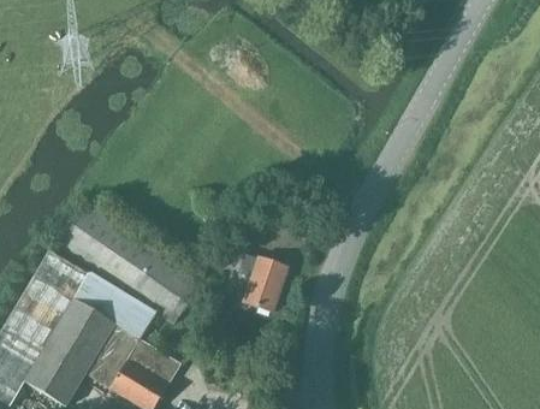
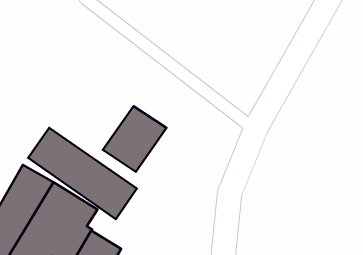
building: none -> [103,106,167,172]
building: [237,256,287,313] -> none

